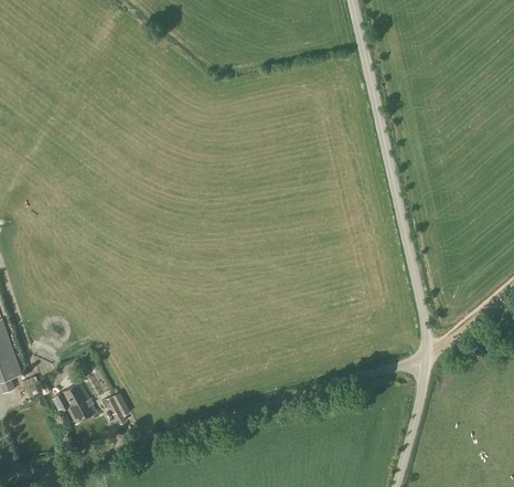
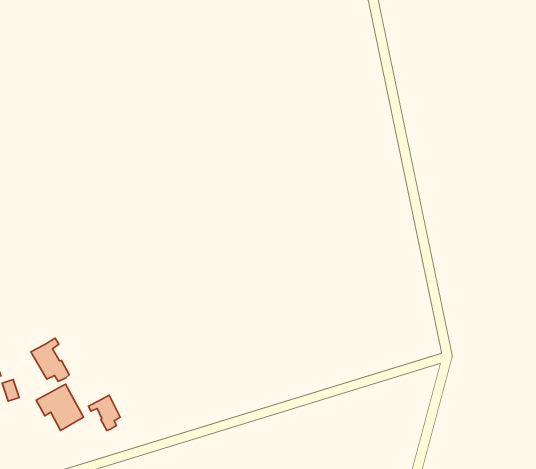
building: none -> [31,338,69,381]

